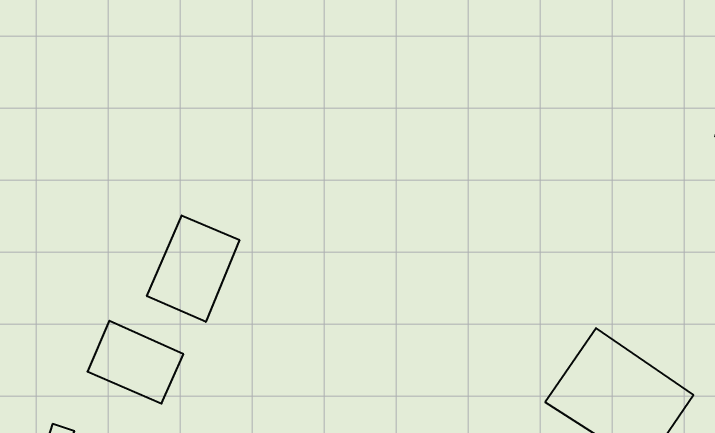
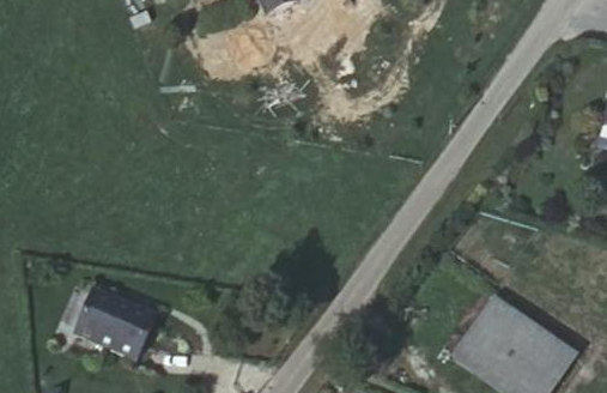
building: [147,215,239,322] -> none

